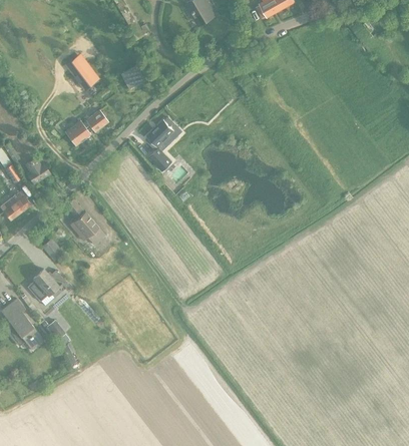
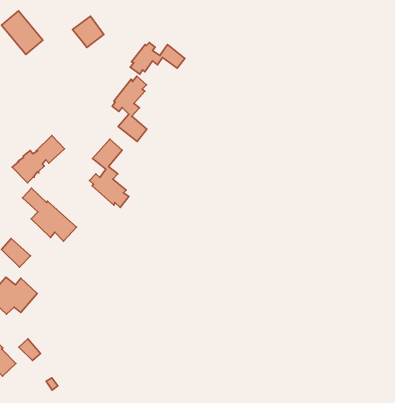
building: none -> [130,42,185,74]
building: [64,110,108,146] -> [12,136,64,183]
building: none -> [89,139,129,207]

